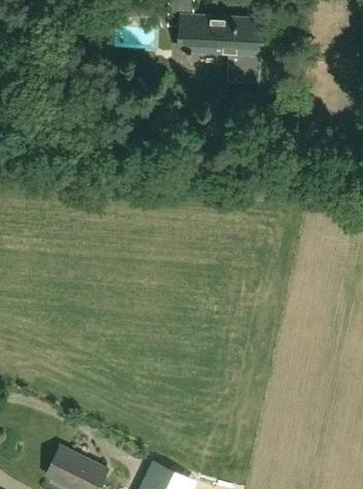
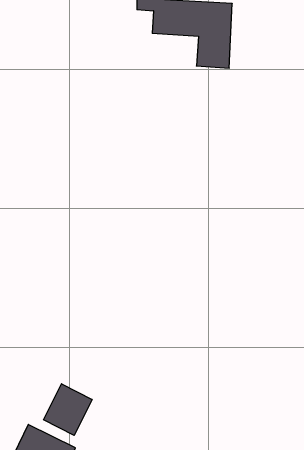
building: none -> [44,384,92,435]

